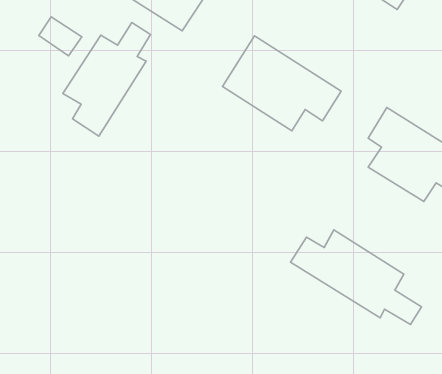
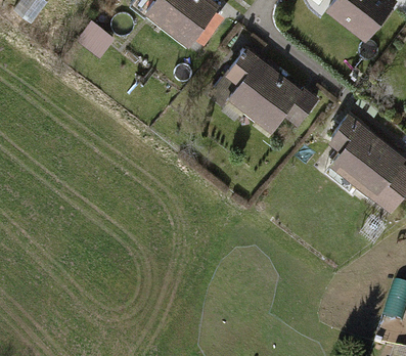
building: [63,23,151,136] -> none
building: [291,230,422,325] -> none

